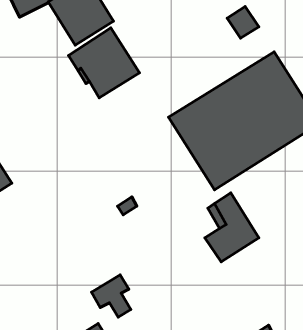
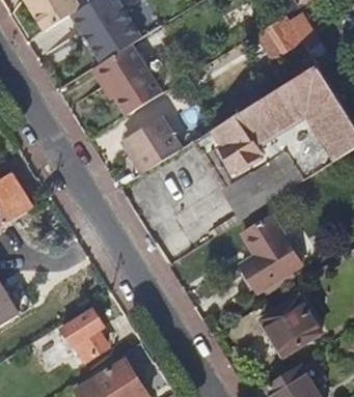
building: none -> [137,106,199,165]
building: none -> [261,296,320,355]
building: [91,275,131,317] -> [61,310,104,356]

